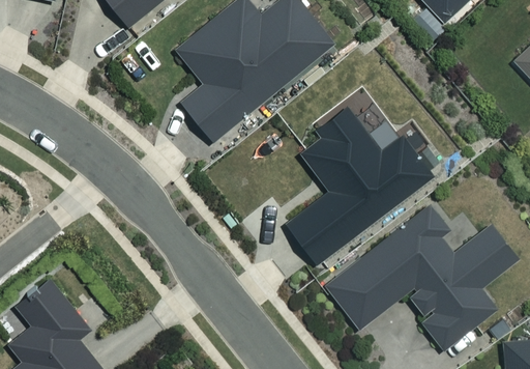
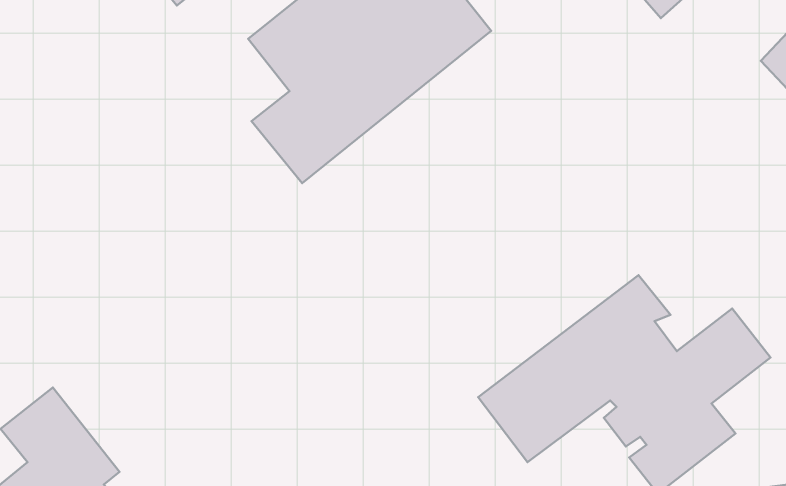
building: [286,108,436,266] -> none

